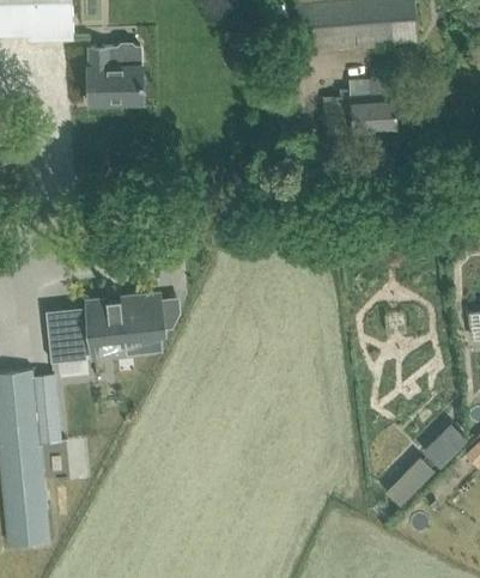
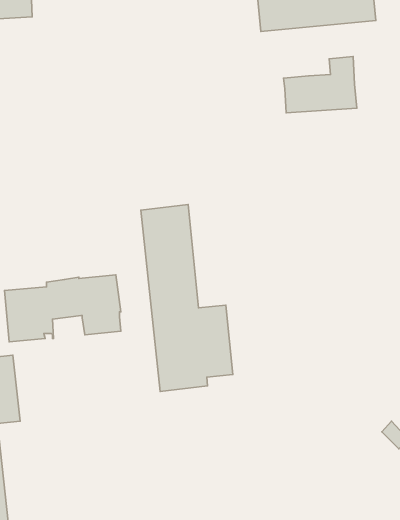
building: [87,44,142,104] -> none
building: none -> [141,205,233,392]
building: [384,456,433,506] -> none

